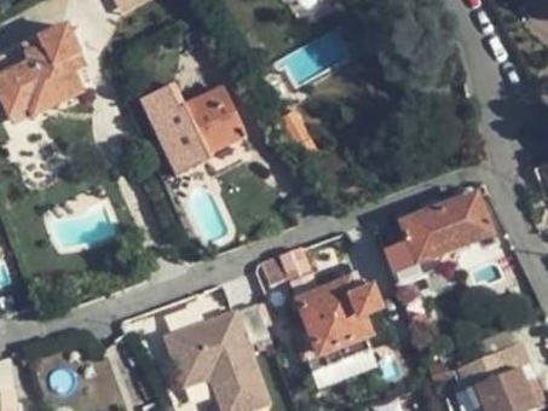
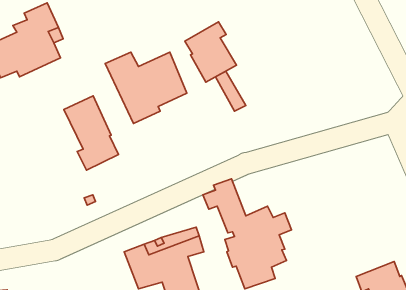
building: none -> [185,22,237,82]
building: none -> [64,96,119,170]
building: [385,192,491,284] -> none

